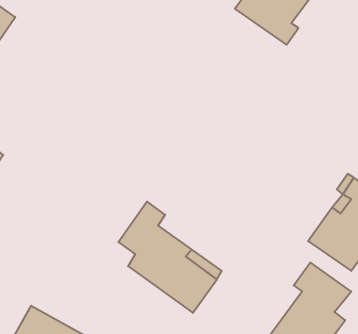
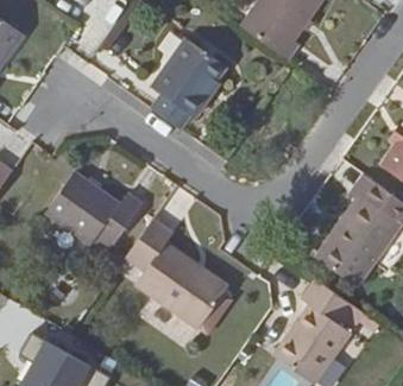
building: none -> [150,40,226,131]
building: none -> [44,171,144,254]

